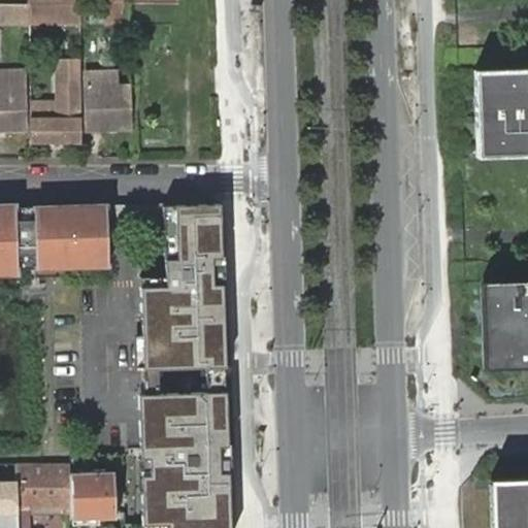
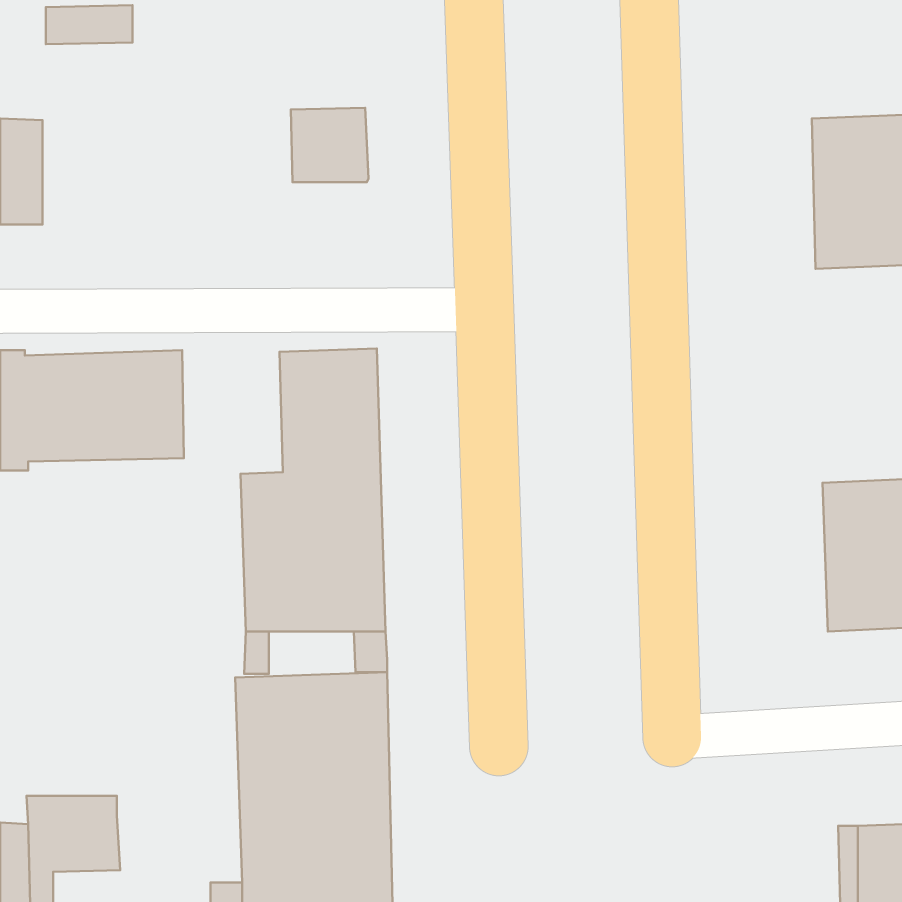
building: [30,62,81,142] -> none
building: [88,88,133,131] -> [291,108,369,182]
building: [69,474,116,522] -> none

